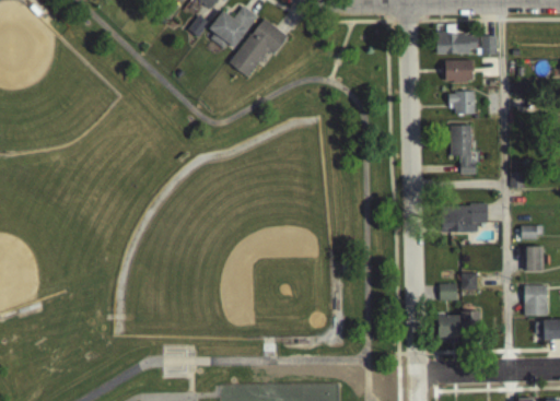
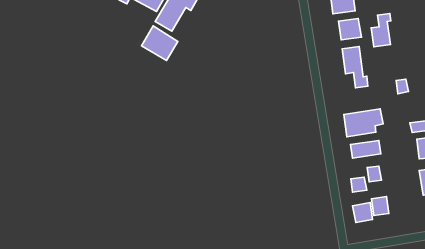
building: none -> [141,26,178,60]
building: none -> [371,14,391,47]
building: none -> [350,141,381,158]

